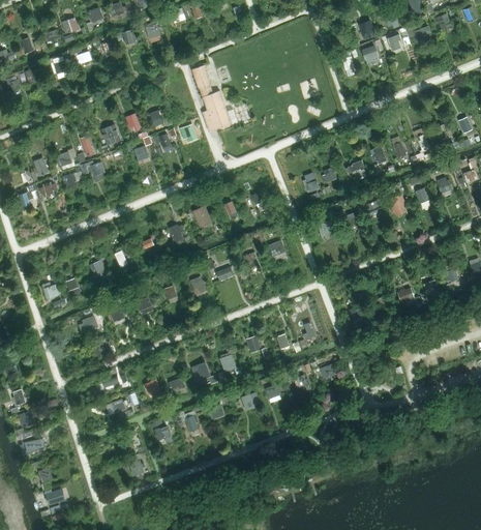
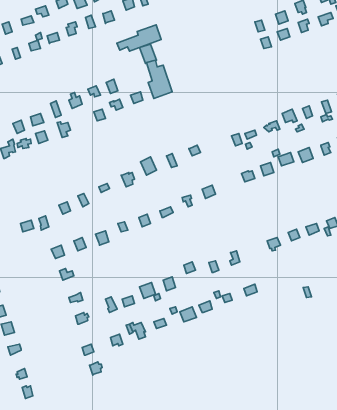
building: none -> [117,25,161,51]

